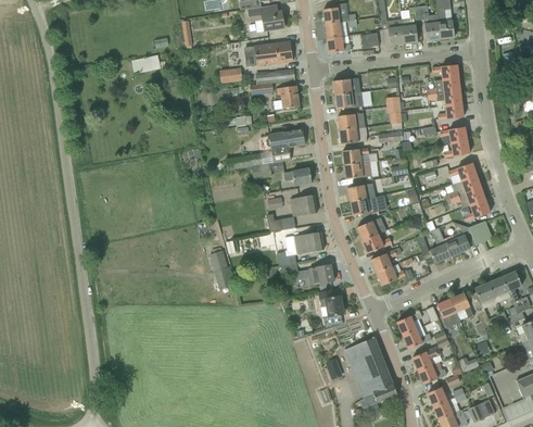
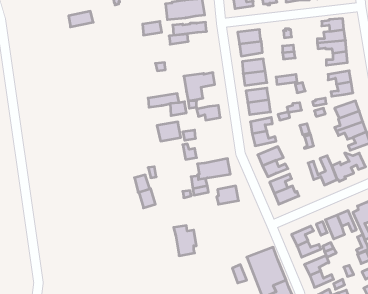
building: [274,85,299,109] -> none
building: [289,193,317,216] -> [157,122,181,141]
building: [317,289,344,325] -> [174,226,196,256]

